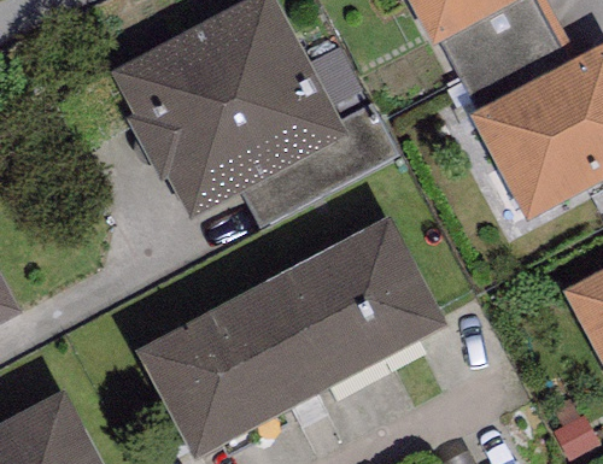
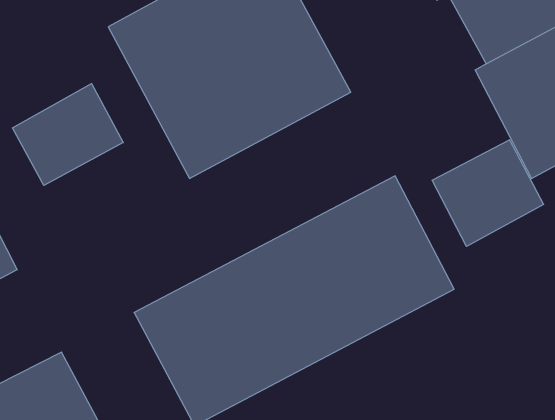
building: none -> [12,84,123,185]
building: none -> [432,140,544,246]

